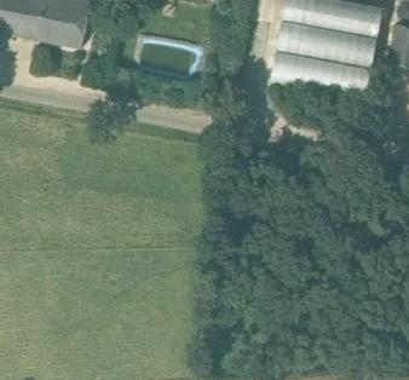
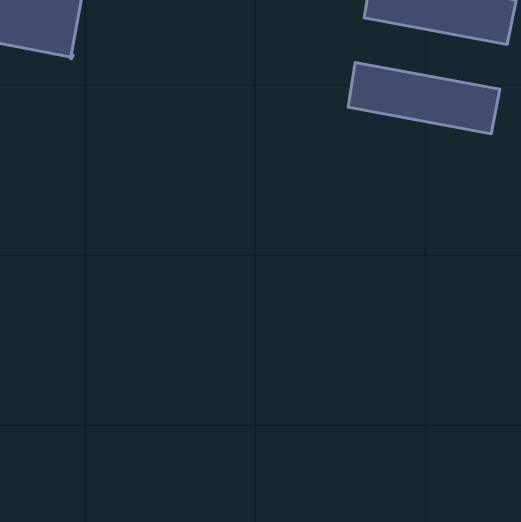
building: [275,21,378,69] -> none

